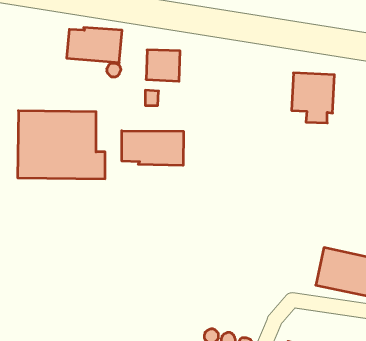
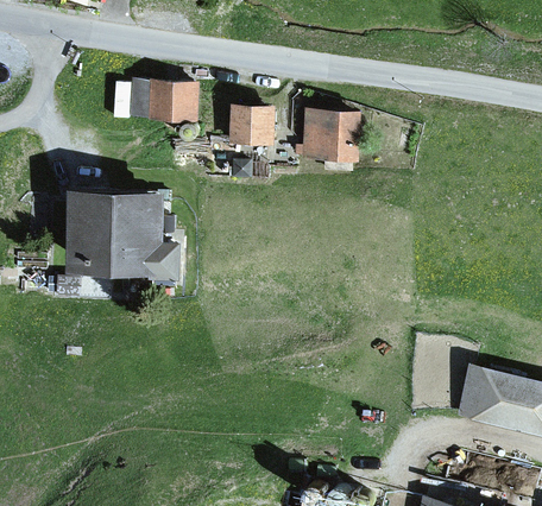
building: [292,73,334,123] -> [302,107,359,173]
building: [122,131,183,165] -> none

